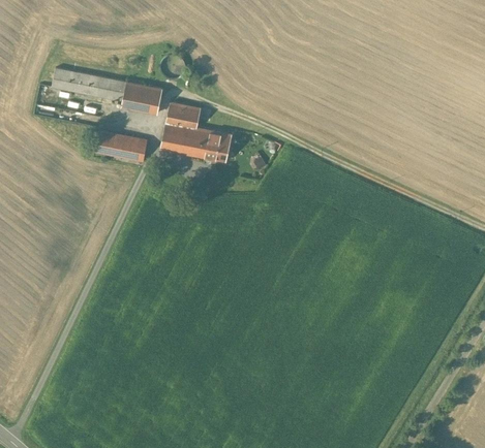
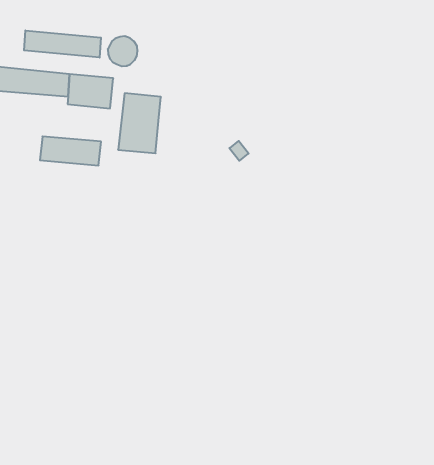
building: none -> [24,30,101,58]
building: [191,129,232,162] -> none

